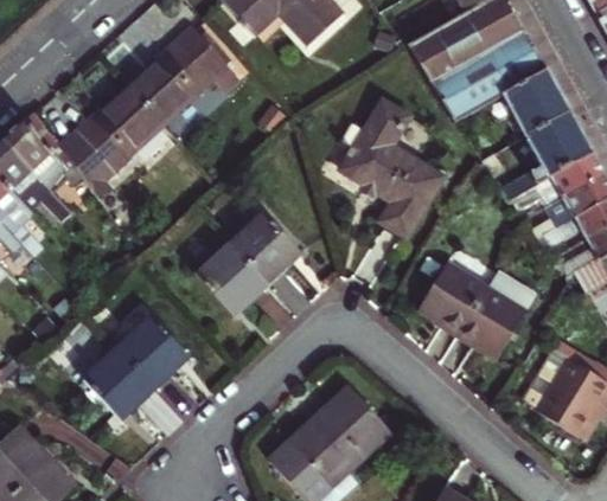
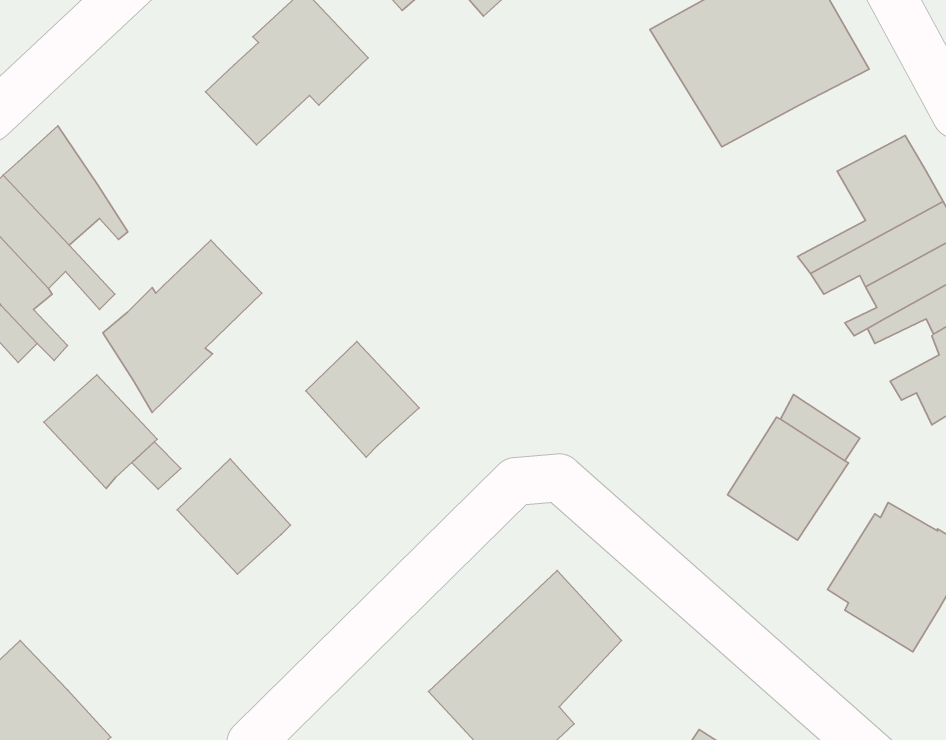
building: [505,71,571,135] -> none
building: [65,85,165,193] -> [103,240,262,412]
building: [343,99,445,235] -> none
building: [228,210,300,283] -> none
building: [416,261,491,338] -> none
building: [82,347,153,418] -> [44,375,157,488]

